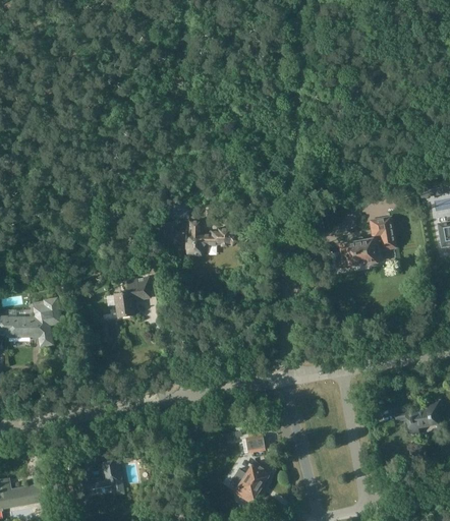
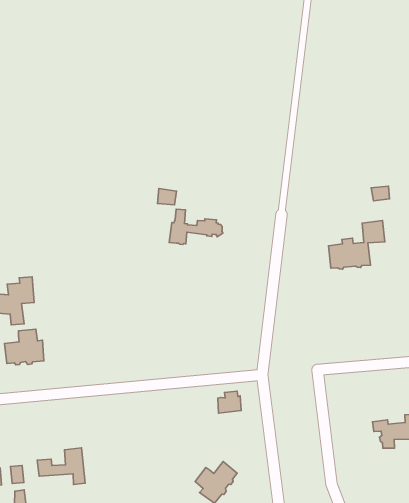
building: [115,278,153,317] -> none
building: none -> [4,329,44,365]
building: [242,431,266,454] -> [218,391,241,413]

